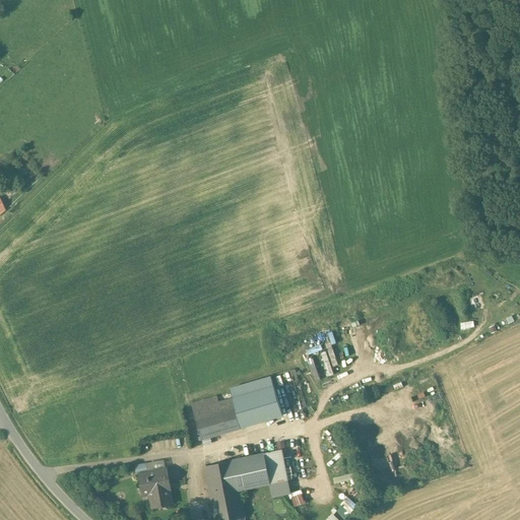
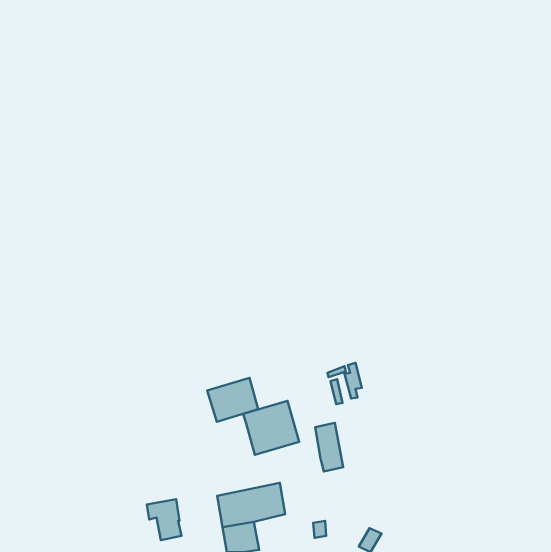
building: [192,398,240,440] -> [207,378,258,422]
building: [263,450,289,496] -> [315,423,343,471]

